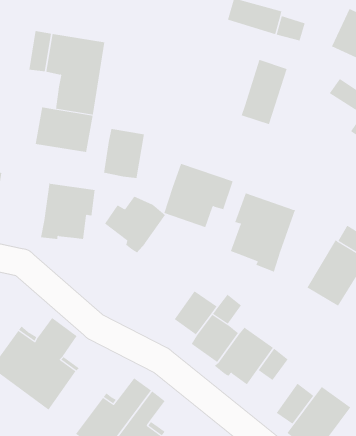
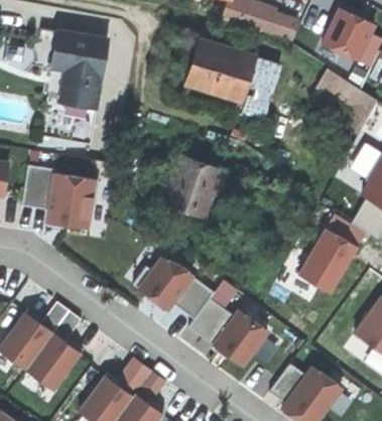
building: none -> [192,41,253,101]
building: [103,128,145,179] -> none
building: none -> [22,165,56,209]
building: [230,193,296,272] -> none
building: [104,196,166,253] -> [133,258,192,312]

